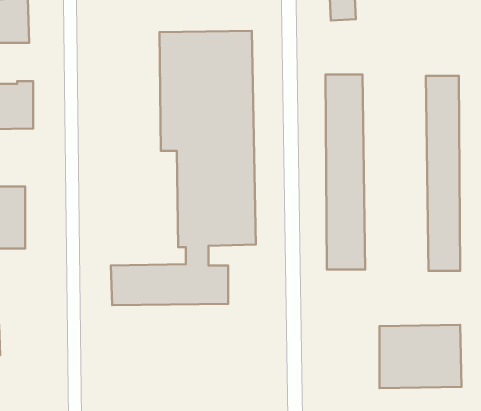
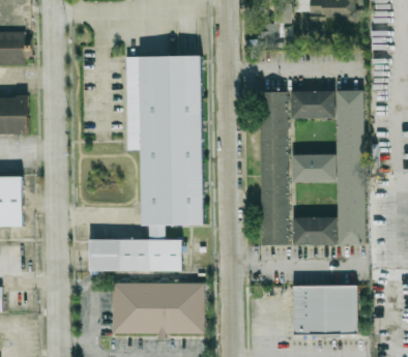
building: none -> [289,90,333,118]
building: none -> [290,154,333,182]
building: none -> [291,217,334,244]
building: none -> [114,281,204,334]

